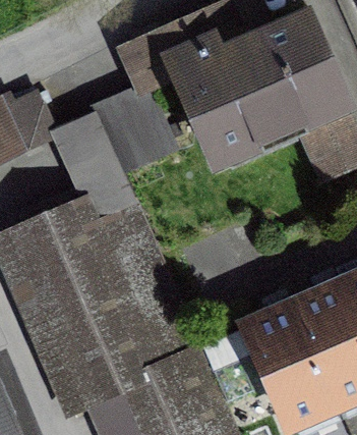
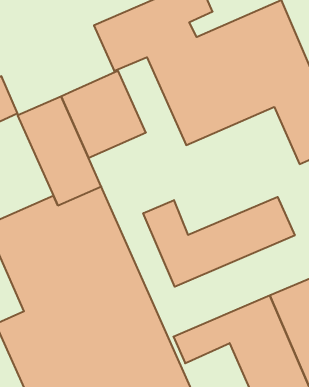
building: none -> [143,197,295,287]

